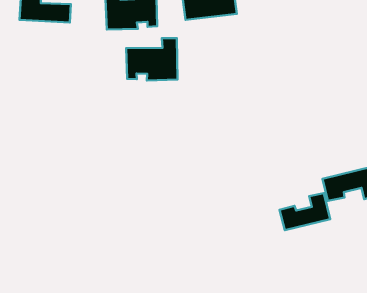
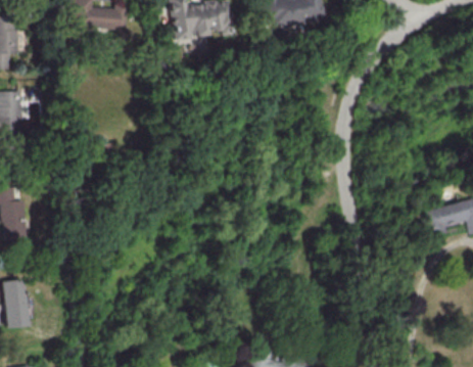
building: [126,38,178,80] -> none
building: [280,193,330,230] -> none

